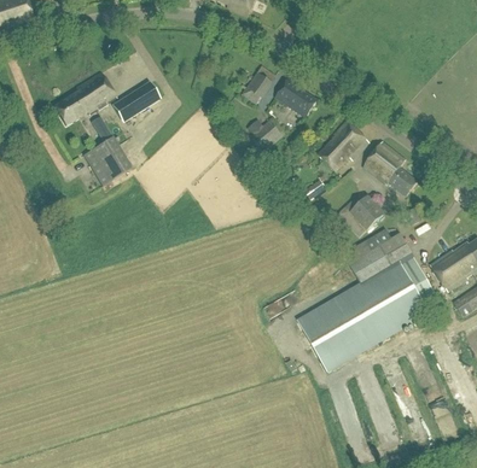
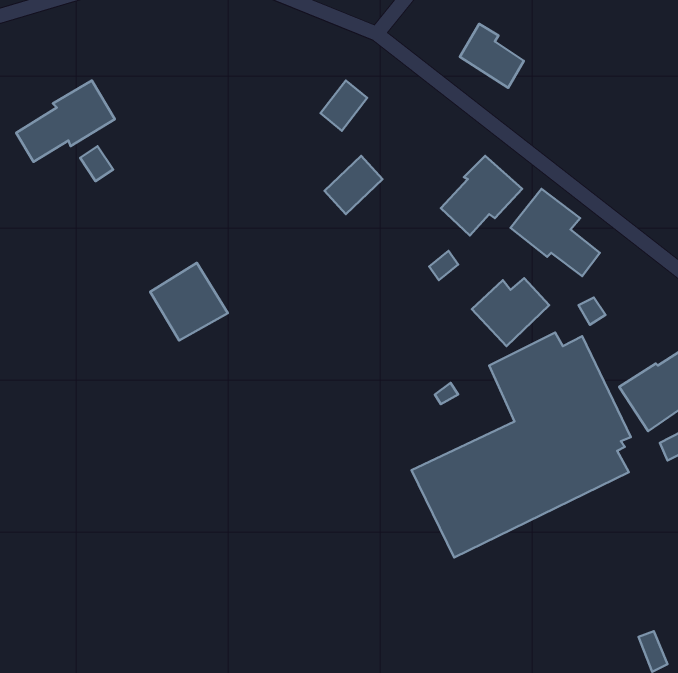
building: [277,76,316,116] -> [460,24,524,88]
building: [111,82,158,122] -> none
building: [83,136,132,185] -> [150,263,228,340]

